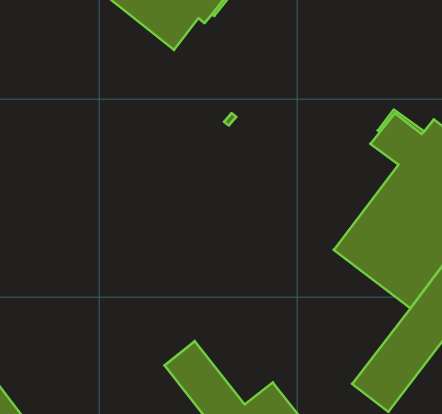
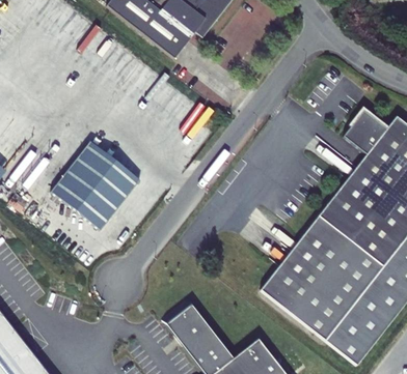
building: none -> [52,139,141,228]
building: none -> [261,227,376,341]

